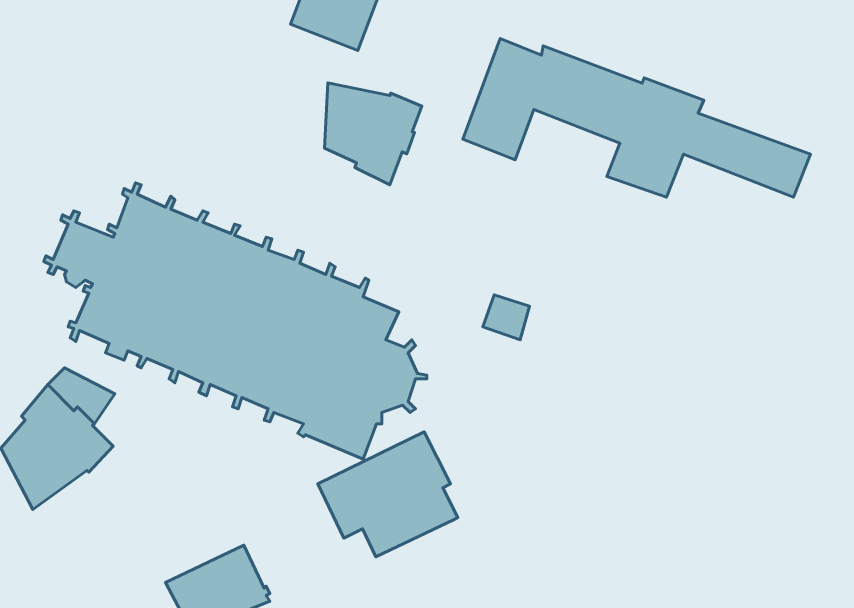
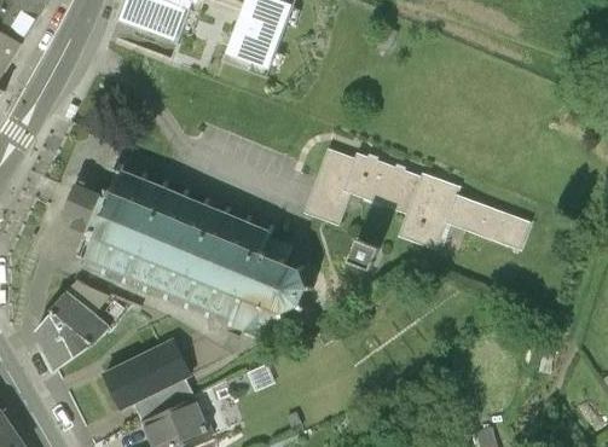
building: [463,39,810,197] -> [303,146,528,249]
building: [325,83,422,185] -> none
building: [318,432,458,557] -> [103,339,193,420]

